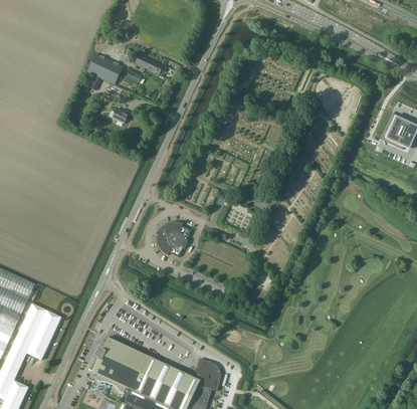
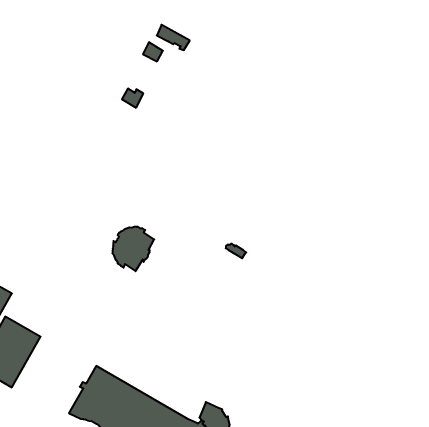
building: [87,53,123,84] -> none
building: [158,221,191,257] -> [112,227,154,271]

